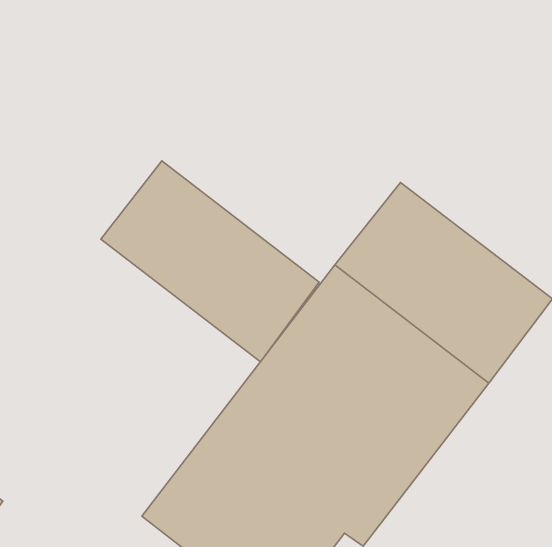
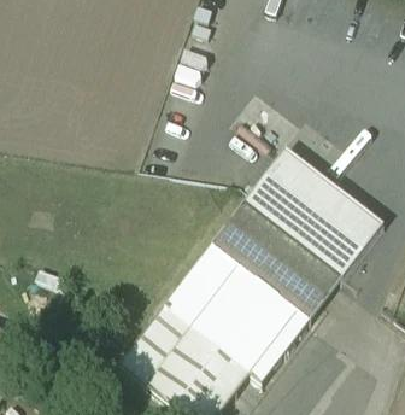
building: [101,161,319,362] -> none

